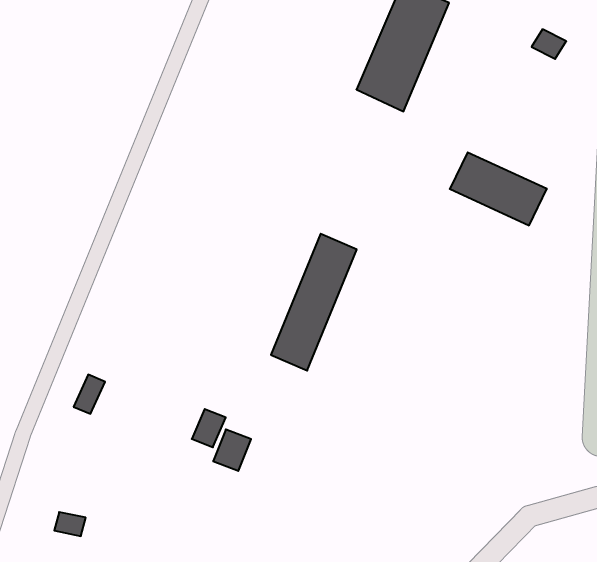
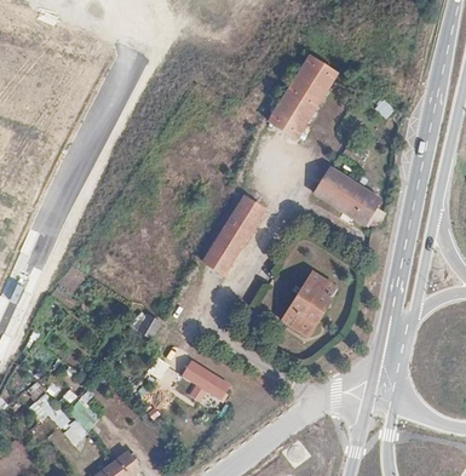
building: none -> [267,271,327,332]
building: none -> [173,354,222,395]

